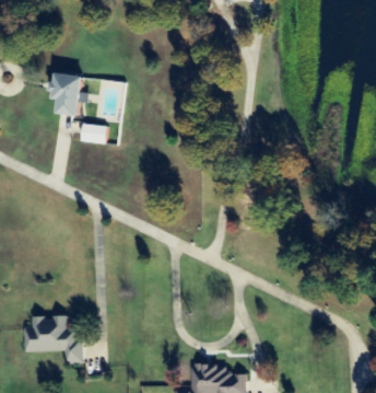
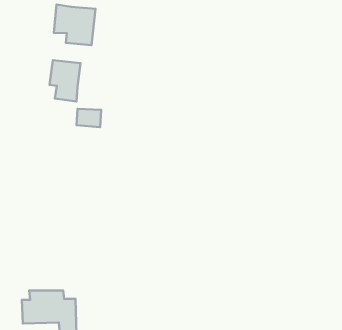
building: none -> [54,4,96,45]

